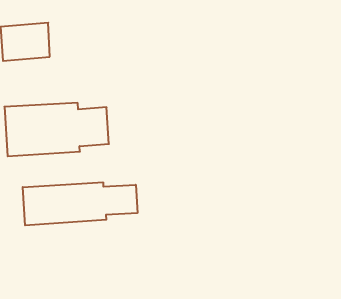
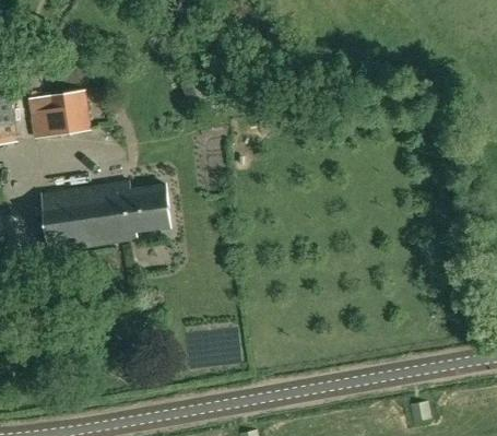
building: [23,182,137,225] -> none

